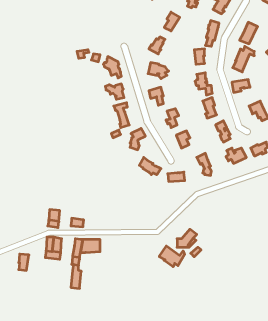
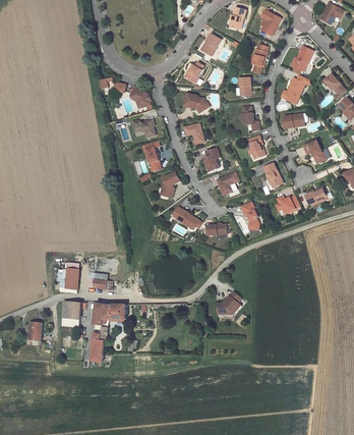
building: [159,246,185,267] -> none

